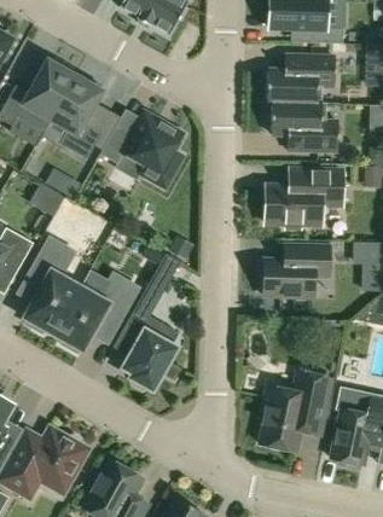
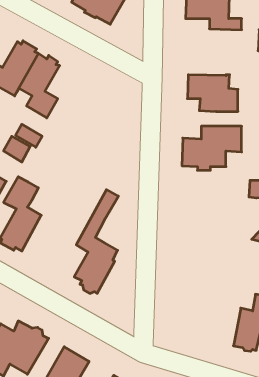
building: [268,54,336,103] -> none
building: [100,117,182,185] -> none
building: [263,244,330,295] -> none
building: [54,272,140,353] -> none
building: [260,366,331,449] -> none

